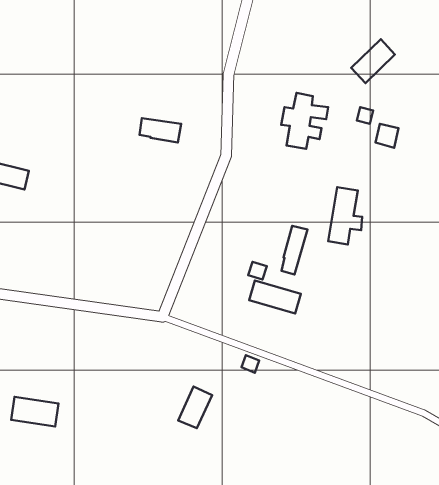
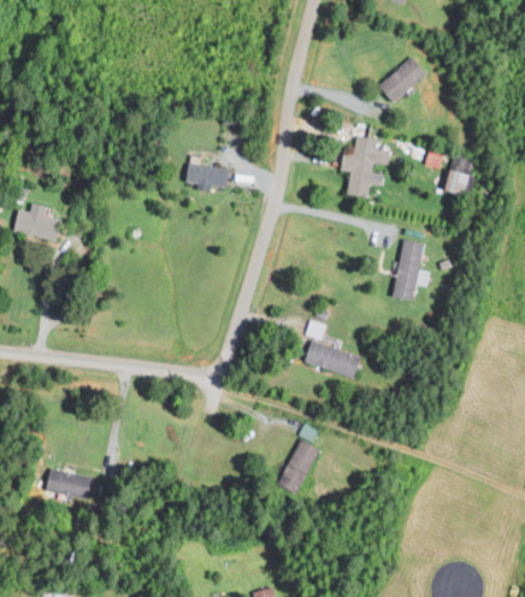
building: [351,39,395,83] -> [379,55,427,104]
building: [281,226,307,275] -> none
building: [178,387,212,428] -> [281,441,318,486]

